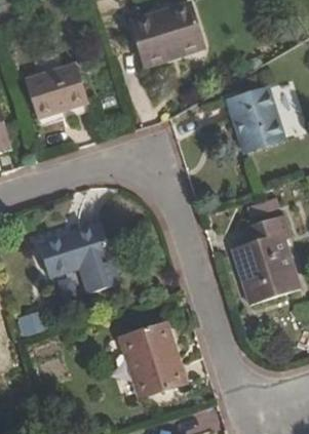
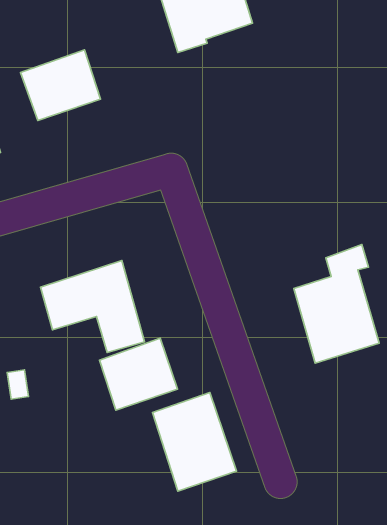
building: [229,88,285,154] -> none
building: none -> [99,338,178,410]

